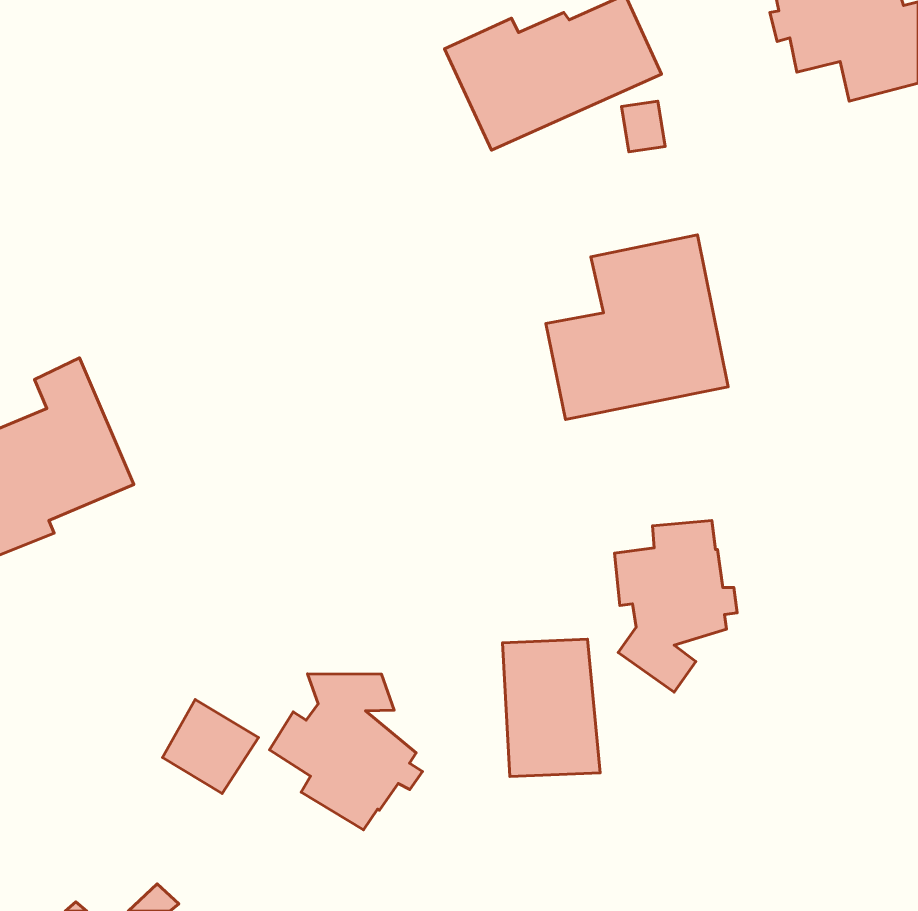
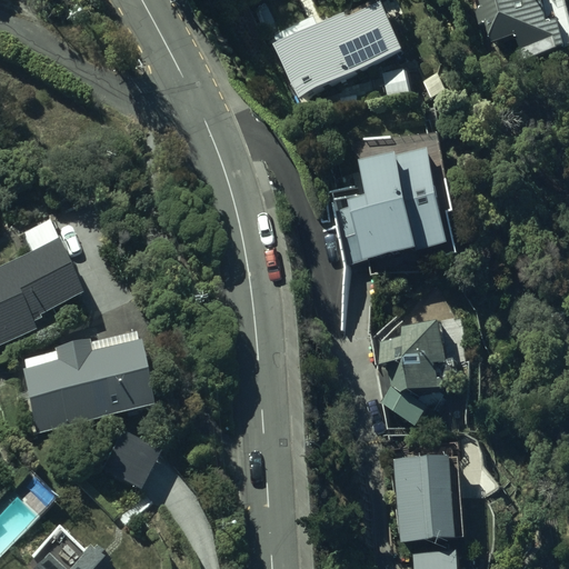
building: none -> [19,335,153,431]
building: [503,639,600,776] -> [397,459,457,543]
building: [270,674,422,830] -> none

